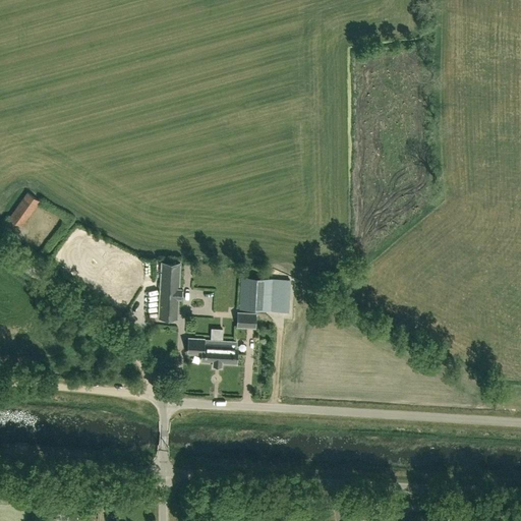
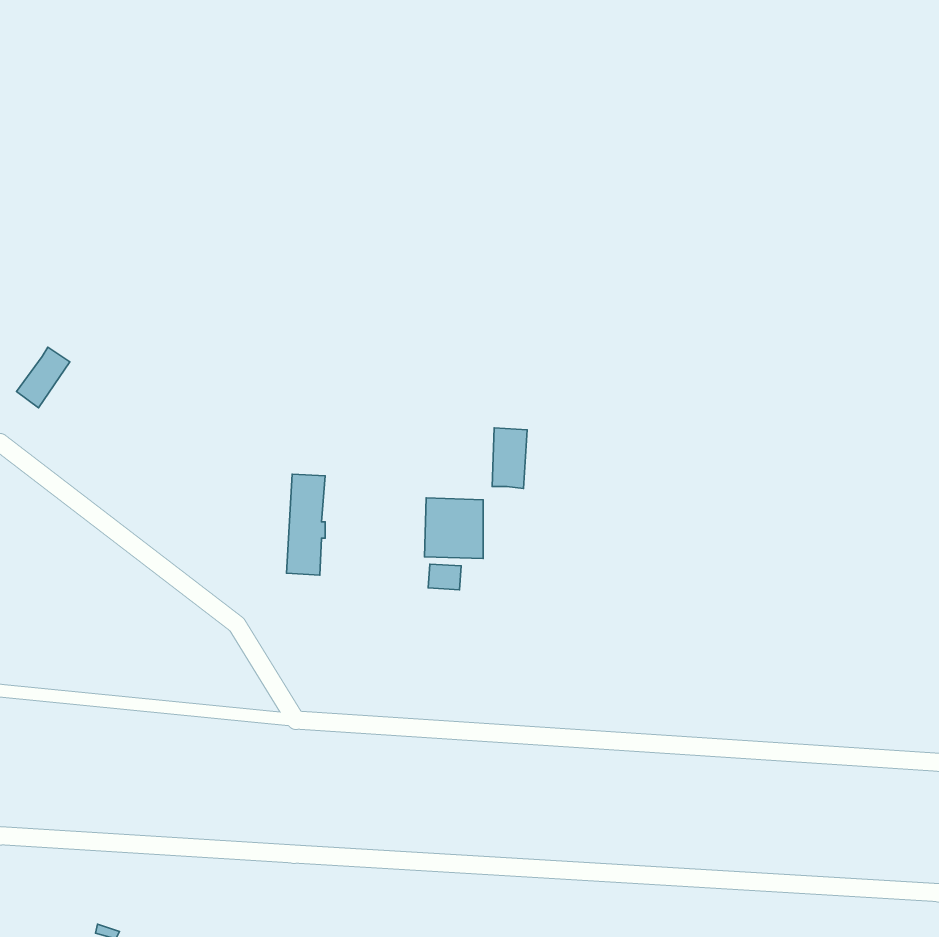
building: [271,279,290,312] -> [492,428,527,488]
building: [188,339,237,365] -> none

